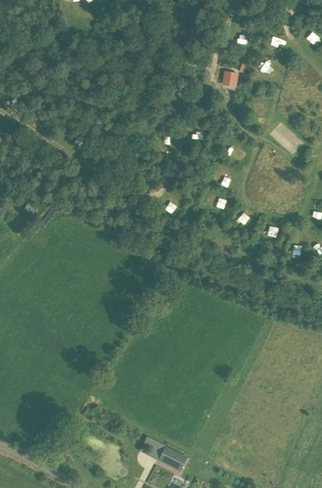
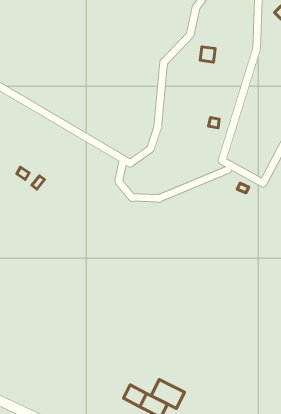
building: none -> [151,380,184,408]

